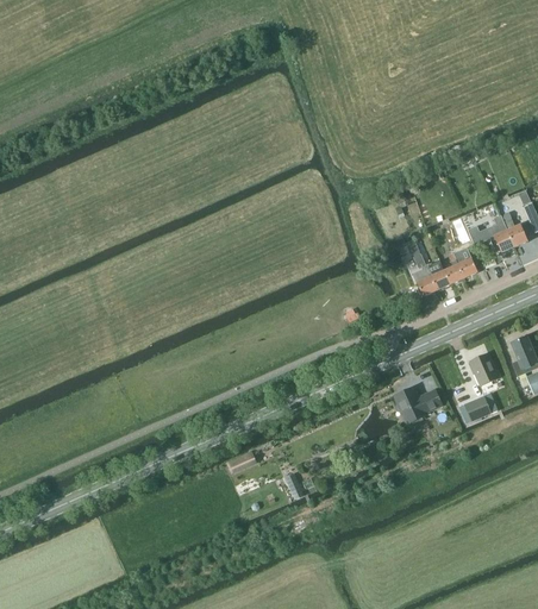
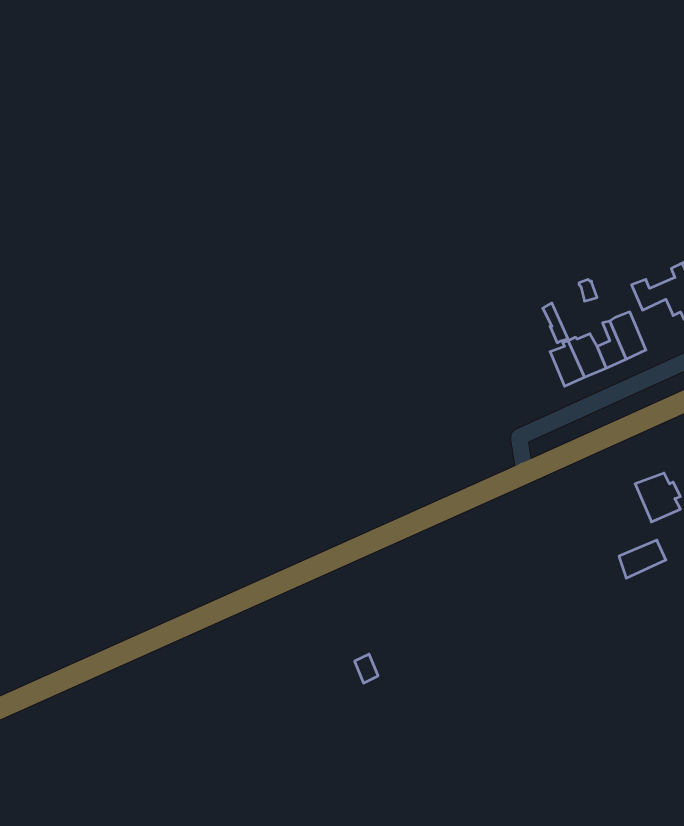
building: [394,387,440,423] -> none

